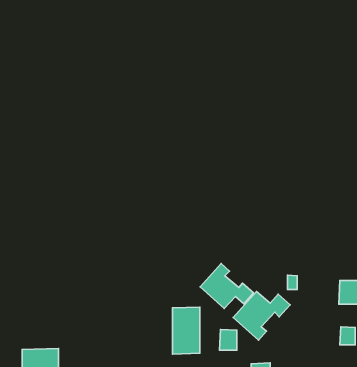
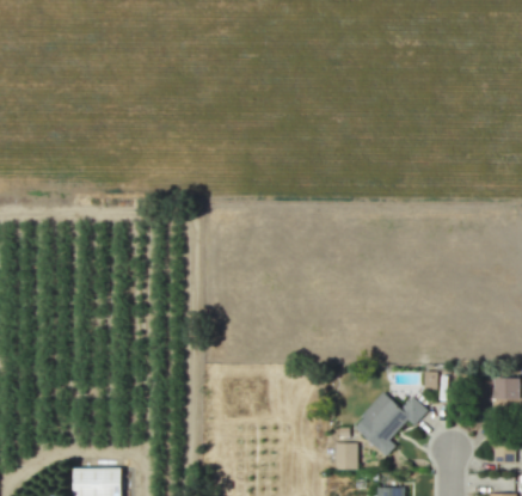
building: [200,264,254,309] -> none
building: [172,307,200,354] -> none

